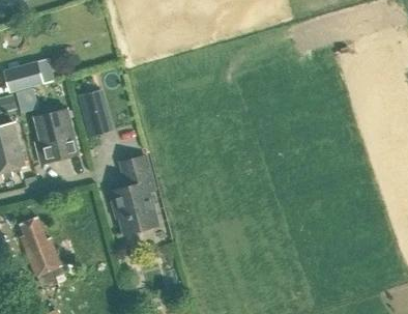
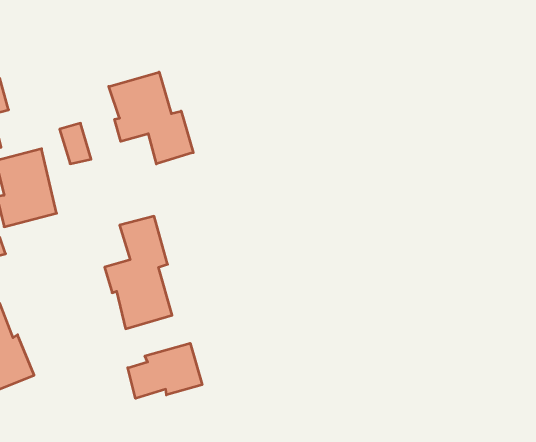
building: none -> [109,72,193,164]
building: none -> [128,343,202,398]

